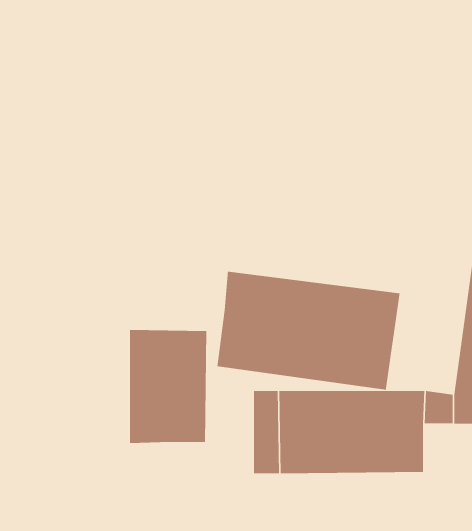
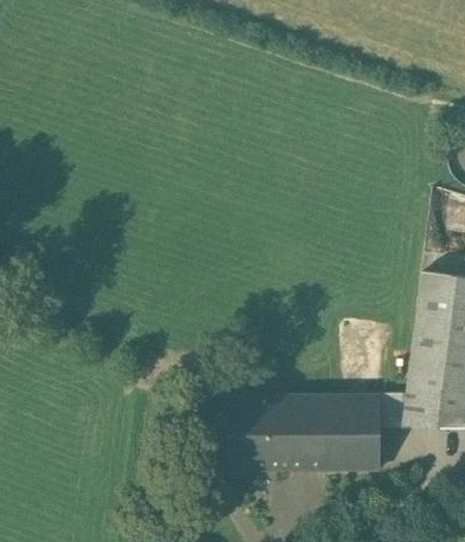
building: [217,271,400,390] -> none
building: [129,329,207,444] -> none

